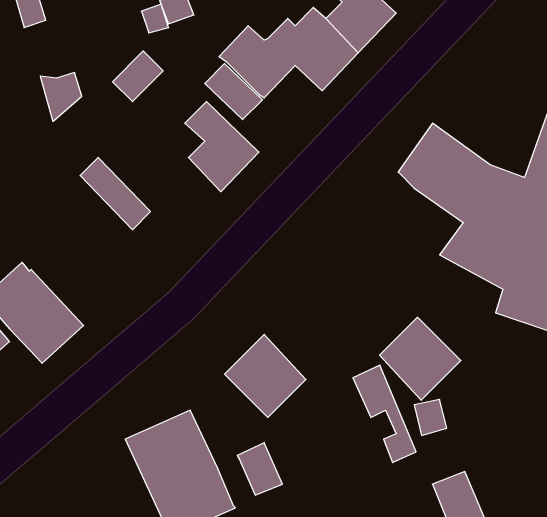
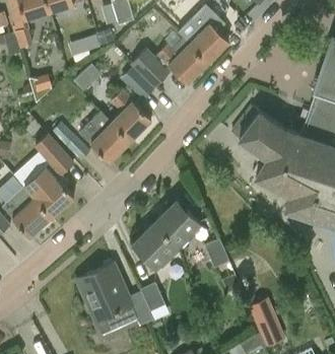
building: none -> [78,111,130,162]
building: none -> [23,134,74,216]
building: [380,317,461,400] -> [154,200,200,246]

